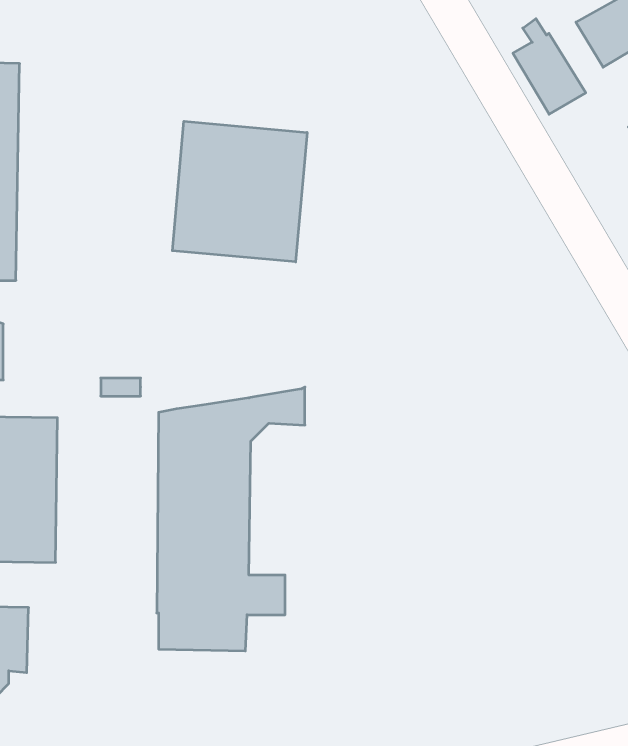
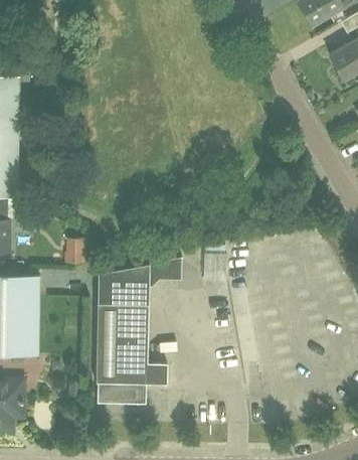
building: [513,19,586,114] -> none
building: [172,121,307,262] -> none

